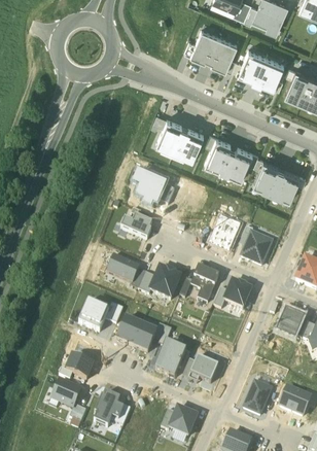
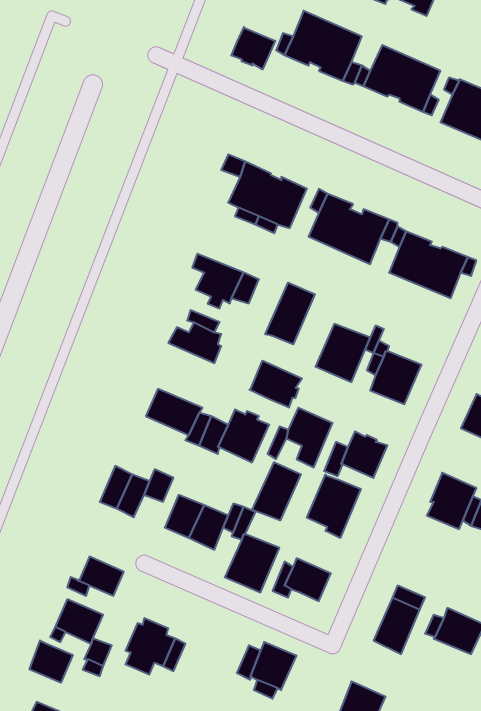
building: none -> [231,27,275,69]
building: none -> [265,283,315,344]
building: none -> [249,361,302,408]
building: none -> [252,462,301,520]
building: none -> [307,474,361,538]
building: none -> [30,640,73,683]

